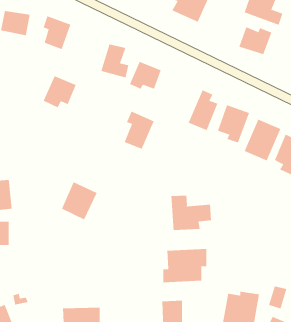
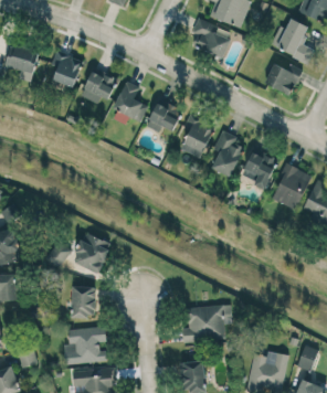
building: [43,76,76,108] -> [81,68,117,104]
building: [124,111,154,149] -> [181,116,214,158]
building: [171,195,211,231] -> none
building: none -> [71,286,96,317]
building: none -> [64,327,107,363]

